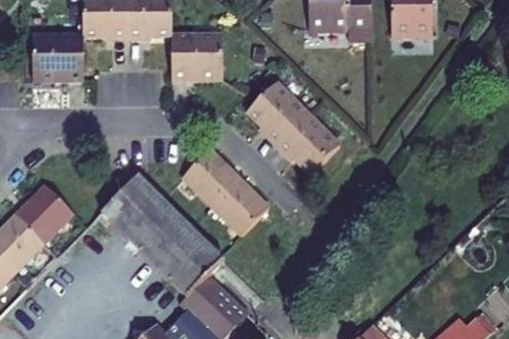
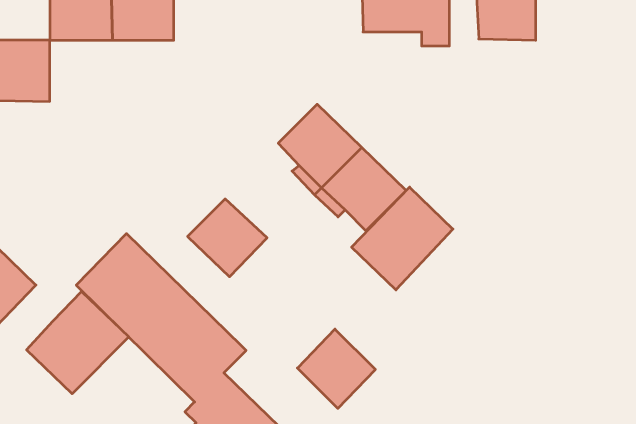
building: [172,35,222,79] -> none
building: none -> [352,187,453,290]
building: [212,178,268,235] -> [297,329,375,408]
building: none -> [27,291,129,394]

